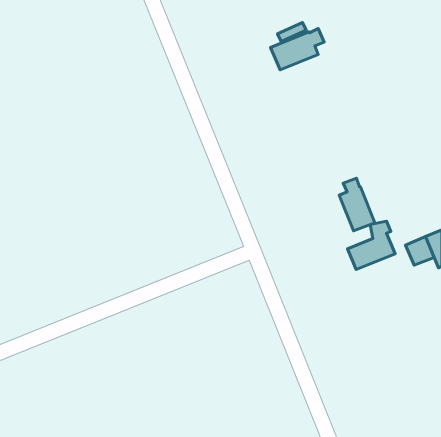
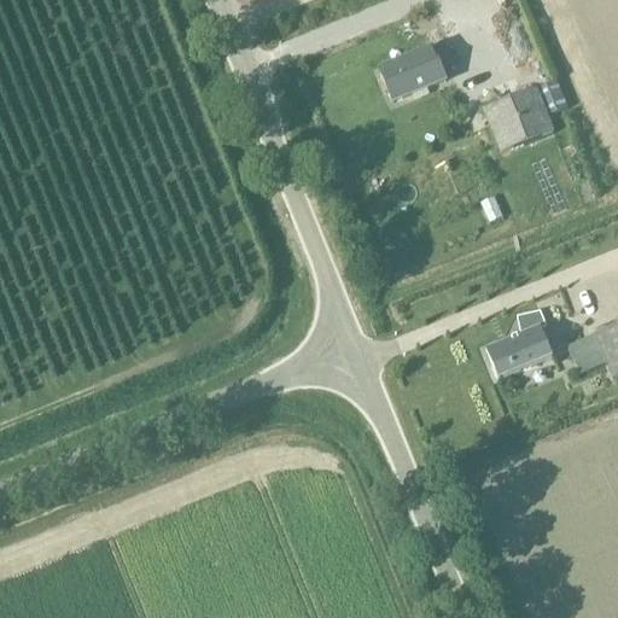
building: none -> [483,86,553,150]
building: [339,178,375,231] -> none

